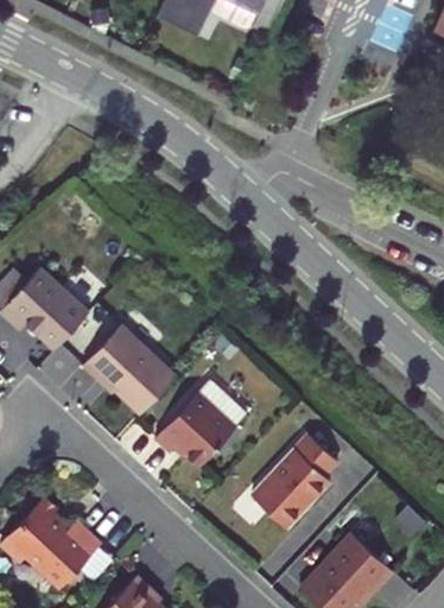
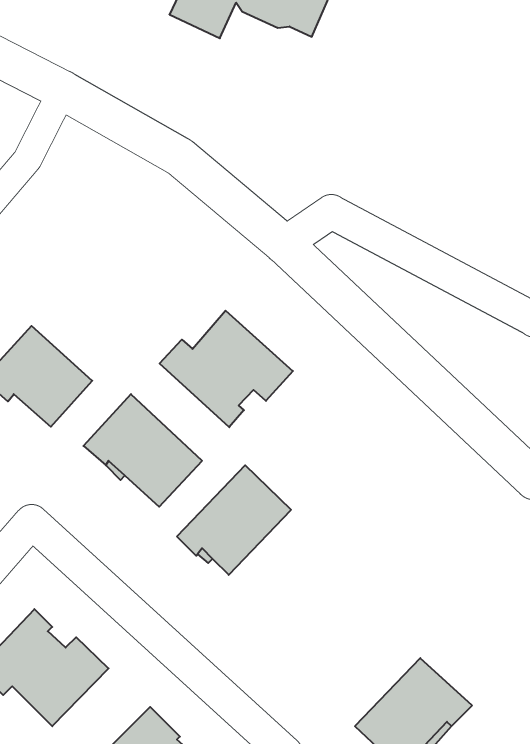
building: none -> [160,311,293,427]
building: [249,436,335,528] -> none

